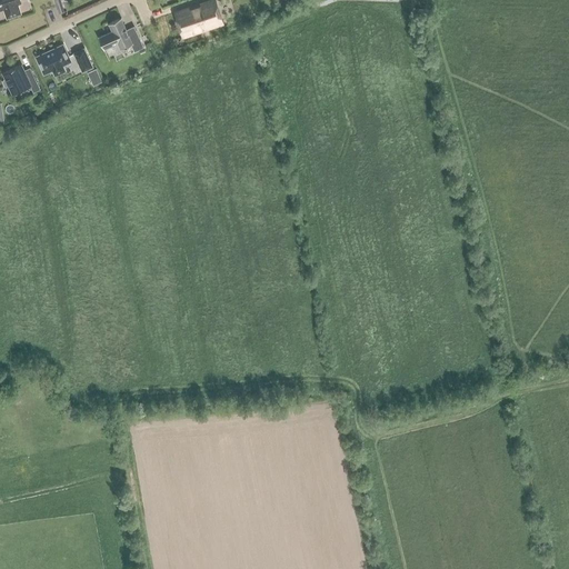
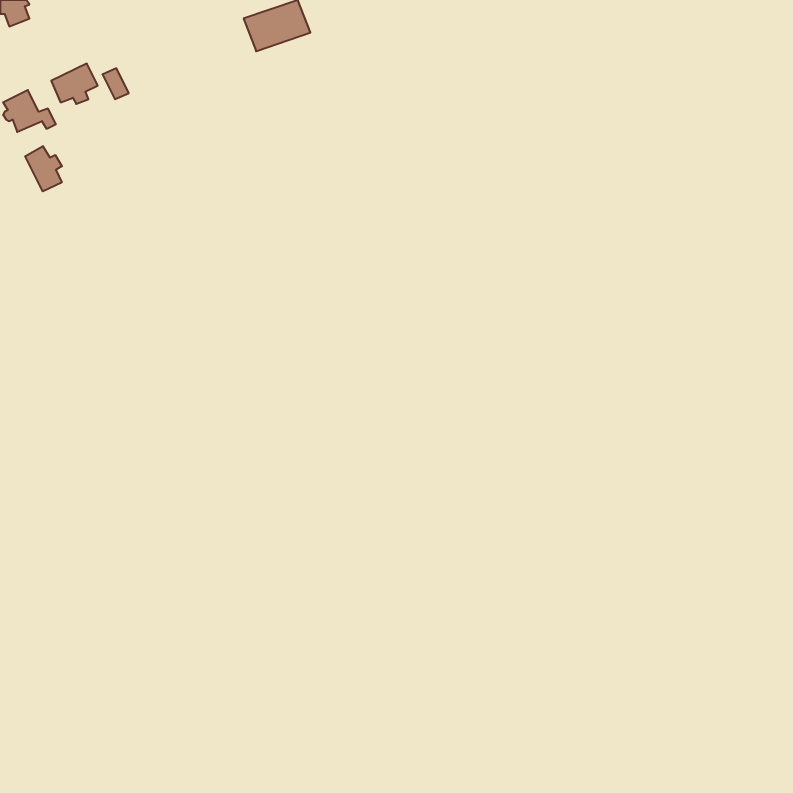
building: [98,18,143,52] -> none
building: none -> [25,146,62,191]

